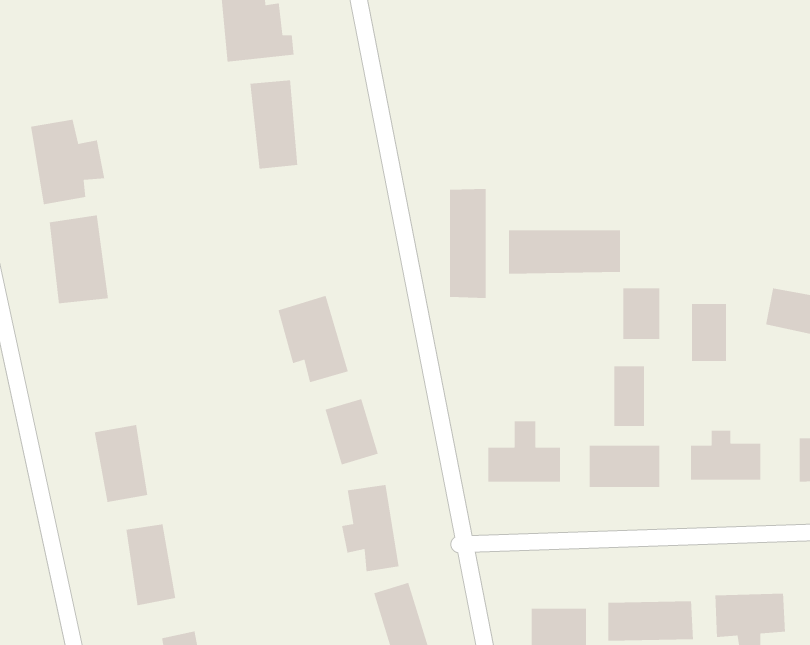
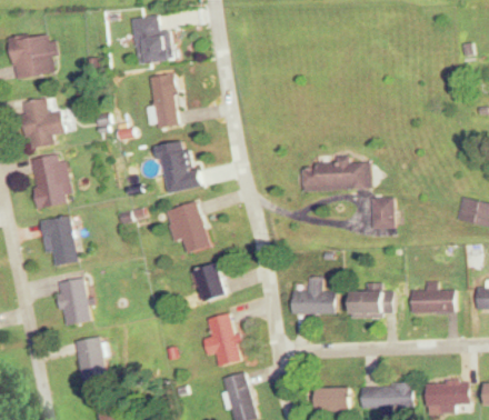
building: none -> [10,34,54,78]
building: none -> [160,139,192,192]
building: [449,188,486,299] -> none
building: [691,303,727,362] -> none
building: none -> [41,217,76,266]
building: [614,366,645,427] -> none

